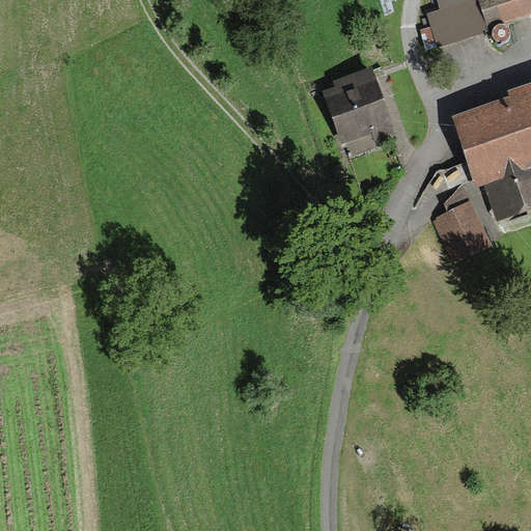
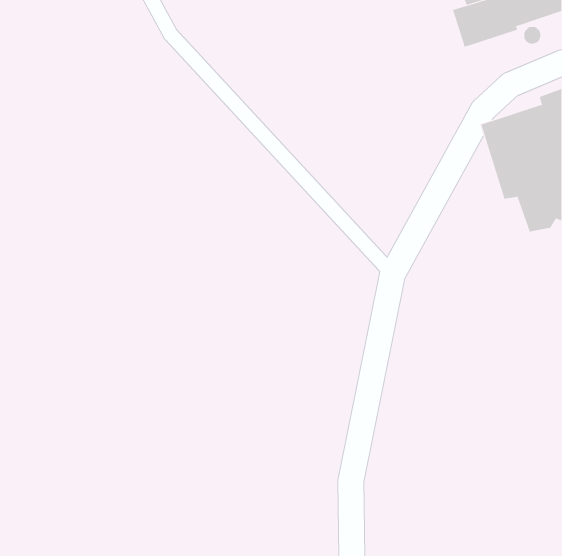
building: [324,65,395,143] -> none
building: [434,181,494,259] -> none

